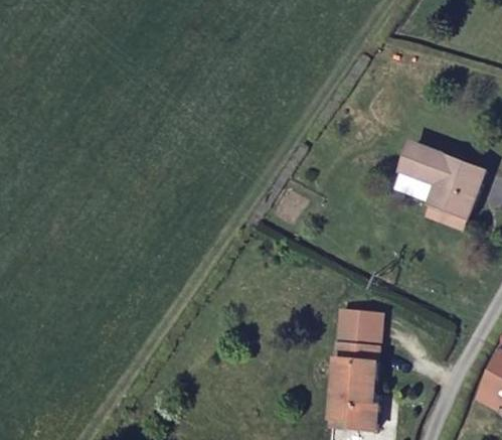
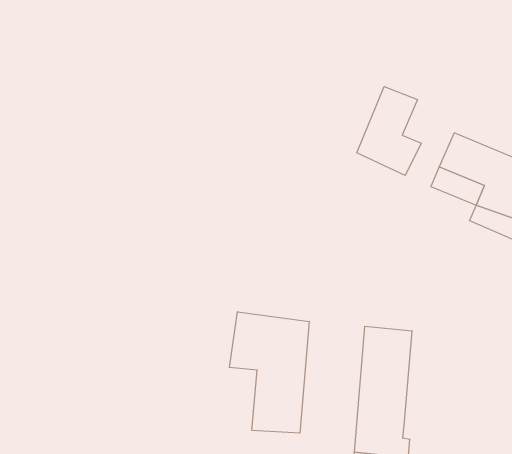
building: none -> [357,87,421,175]
building: none -> [230,312,309,433]

